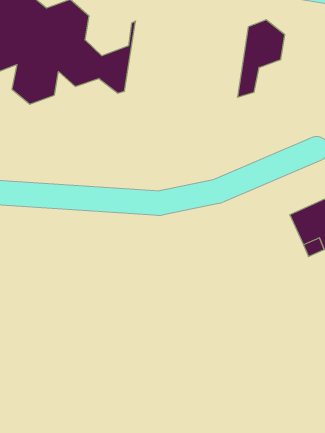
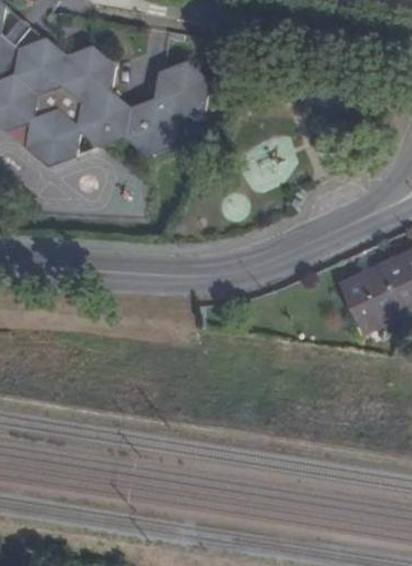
building: [237,20,285,97] -> [153,63,206,150]

